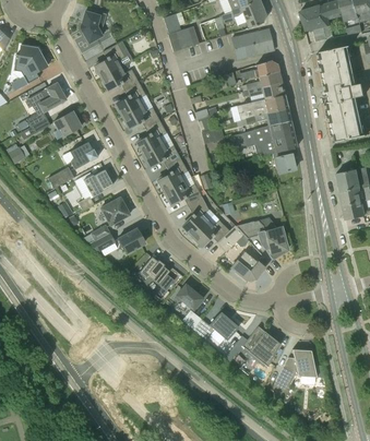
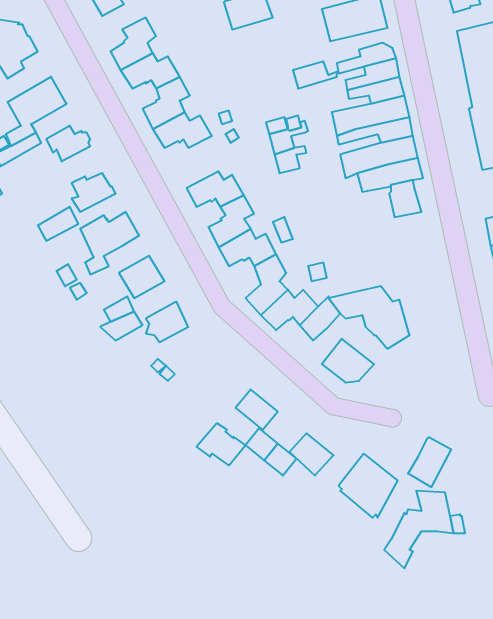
building: [136,120,167,154] -> none
building: [139,257,170,284] -> [197,423,246,465]
building: none -> [408,437,451,487]

